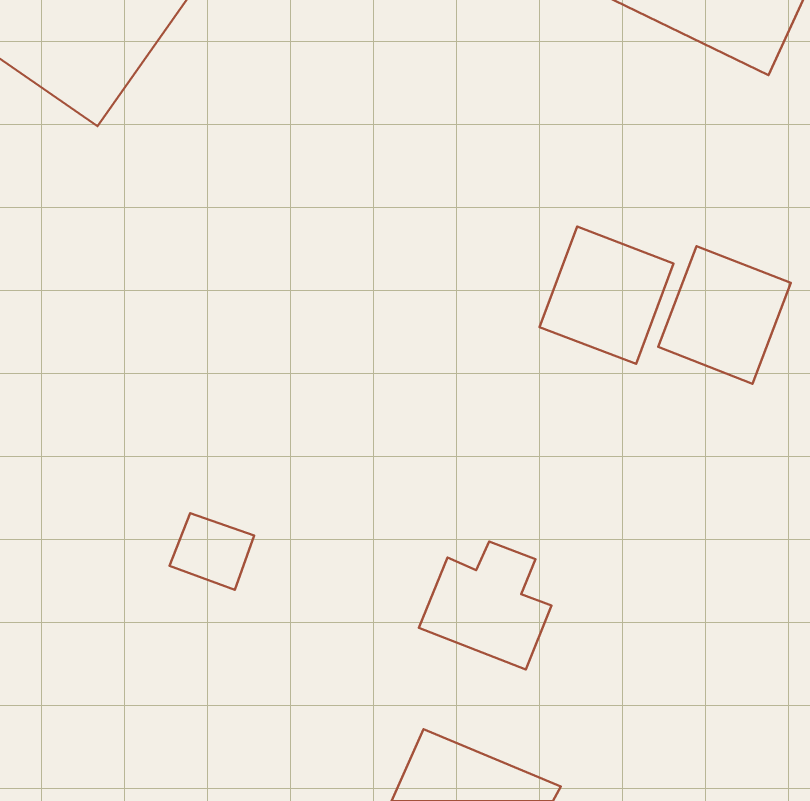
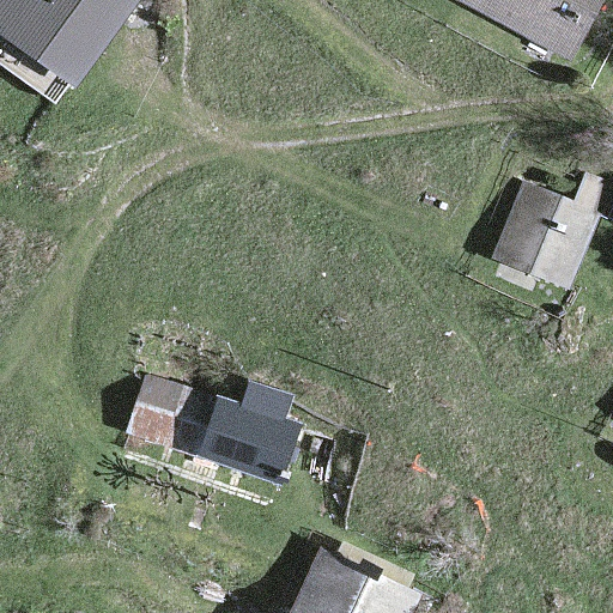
building: [540,227,674,364] -> none
building: [419,541,551,669] -> [198,384,297,480]

